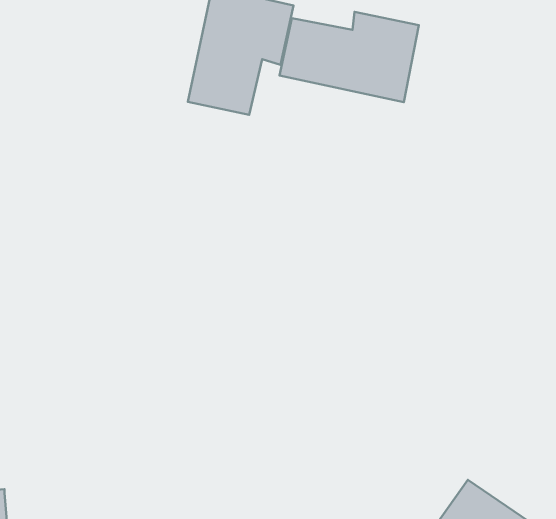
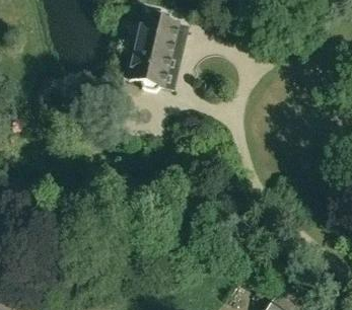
building: [280,12,419,102] -> none

